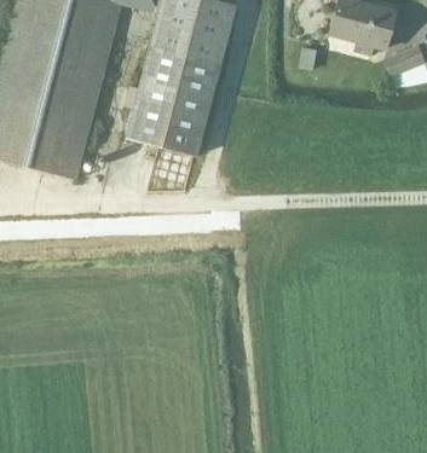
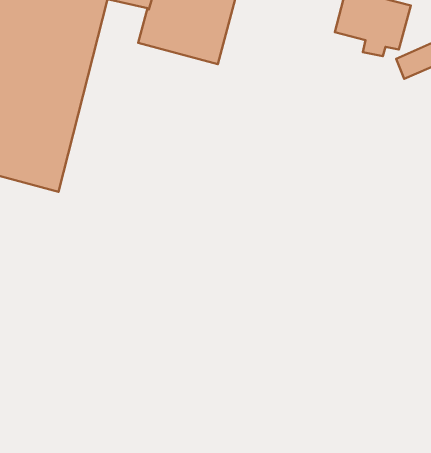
building: [126,43,221,156] -> none

